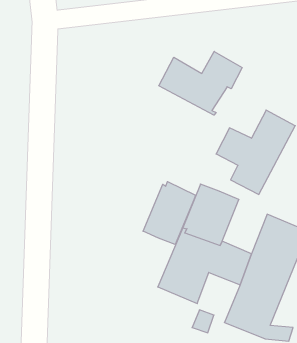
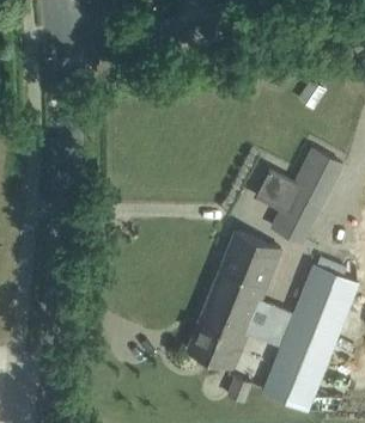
building: [159,51,242,115] -> none
building: [143,182,196,245] -> none

